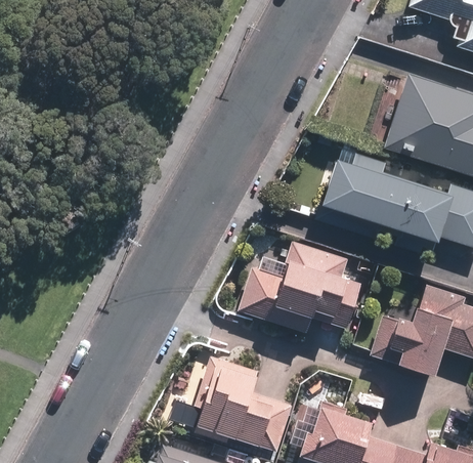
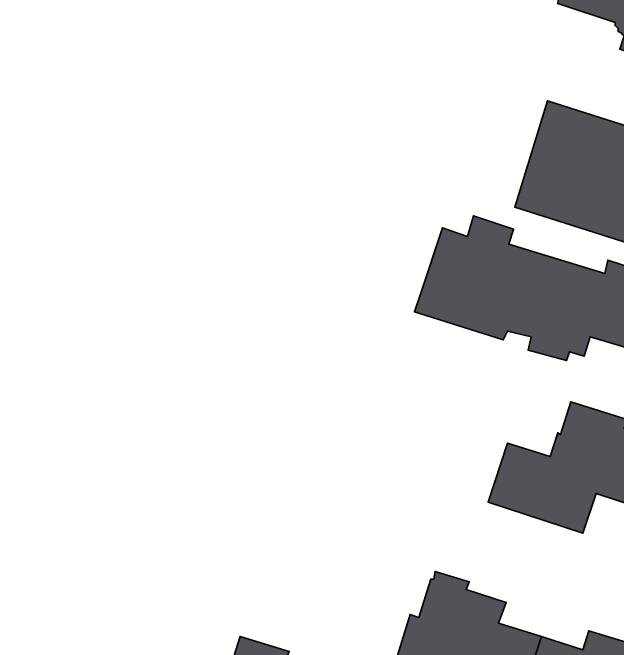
building: [234,240,360,332] -> none
building: [201,355,299,453] -> none

